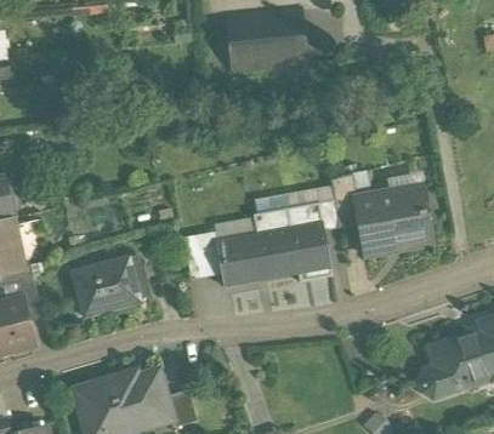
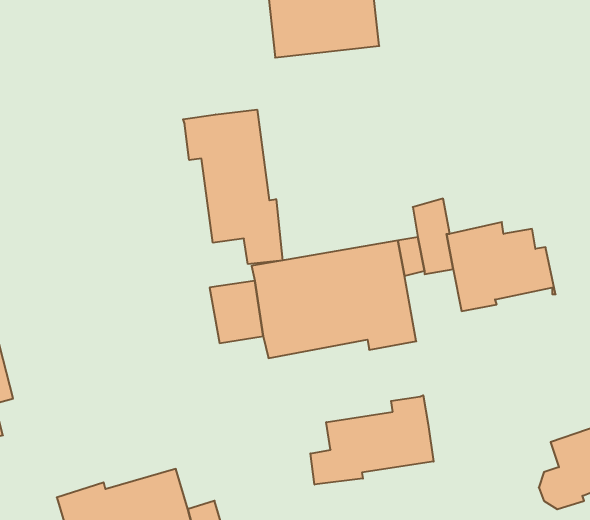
building: none -> [183,110,283,264]
building: [73,258,140,318] -> none
building: none -> [310,395,434,485]

